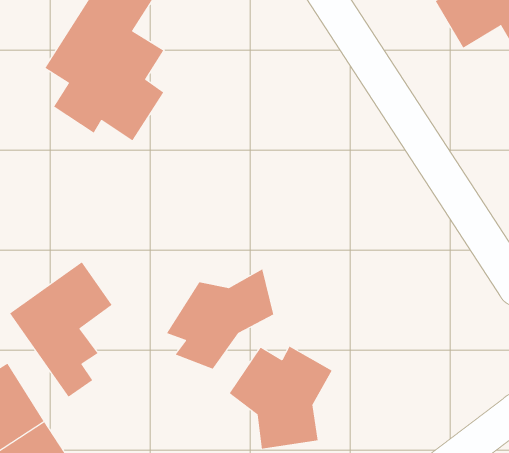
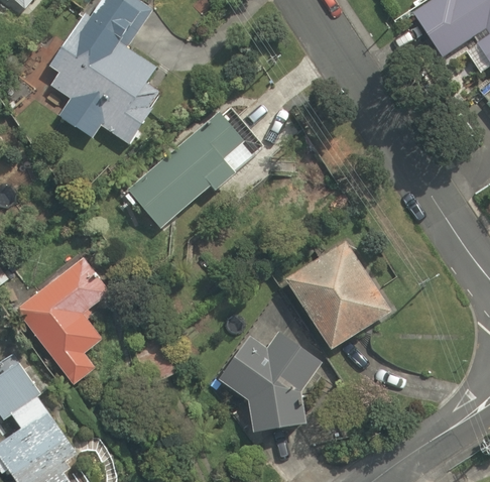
building: none -> [126,105,261,233]
building: none -> [282,237,389,349]
building: [166,268,274,370] -> none

